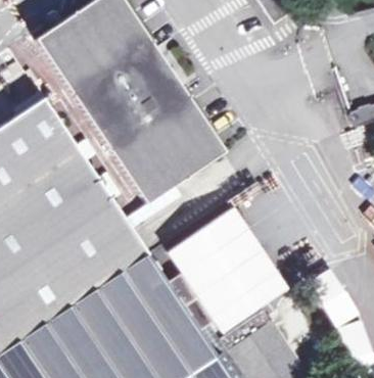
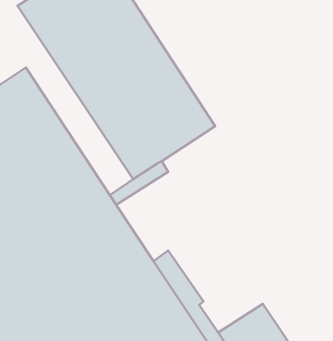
building: [169,207,285,331] -> none

